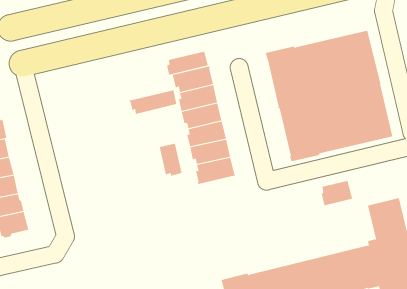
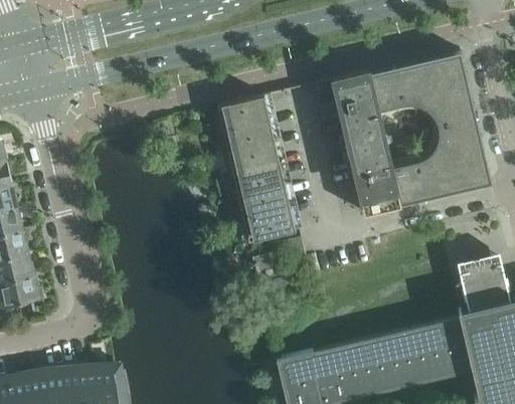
building: [166,51,209,76] -> none
building: [129,90,177,115] -> none
building: [159,143,182,177] -> none
building: [320,180,353,206] -> none

